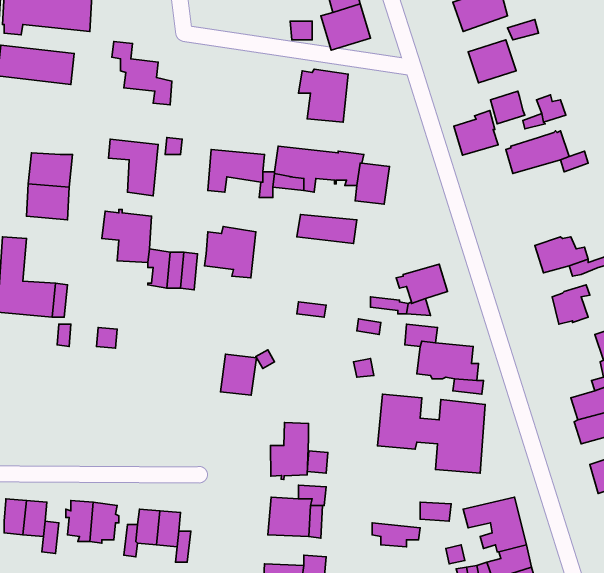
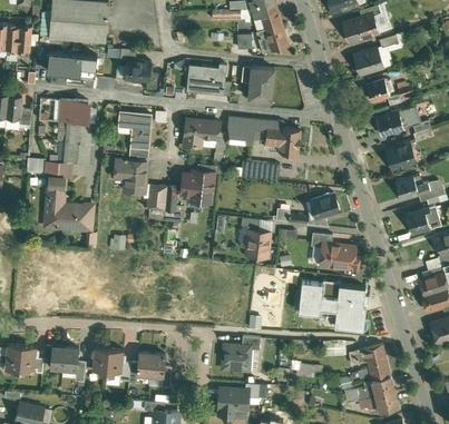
building: none -> [186,65,226,95]
building: [454,111,498,155] -> [385,140,414,169]
building: none -> [60,99,88,122]
building: [220,354,256,395] -> [246,230,270,257]
building: [271,423,309,480] -> none

